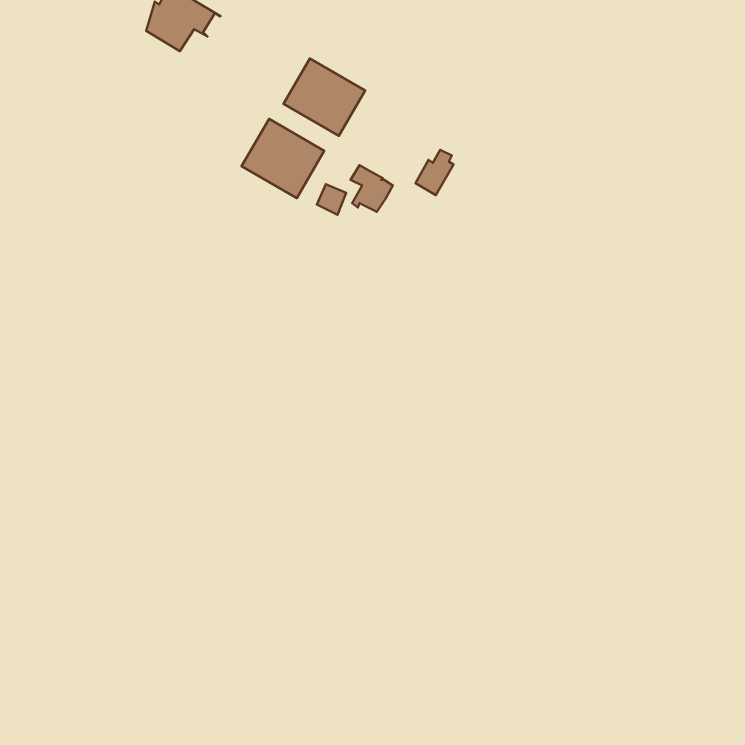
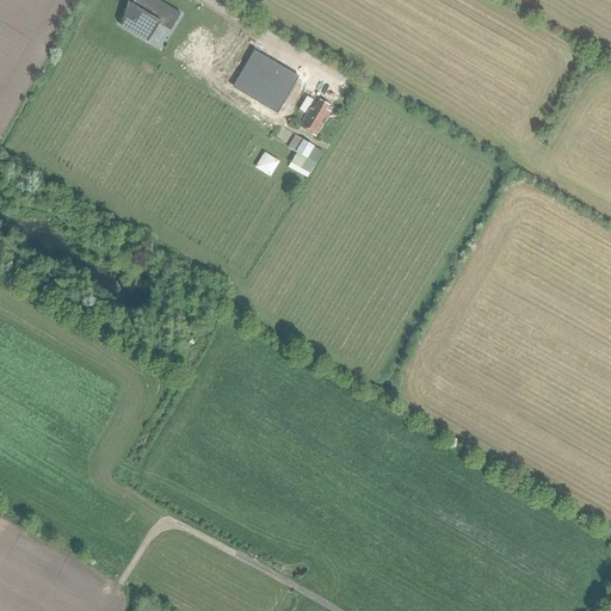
building: [242,119,324,198] -> none
building: [415,150,453,195] -> [300,100,331,137]

